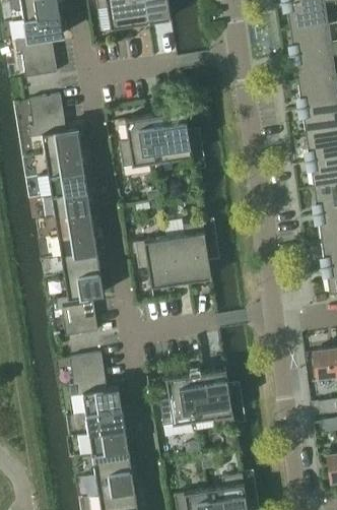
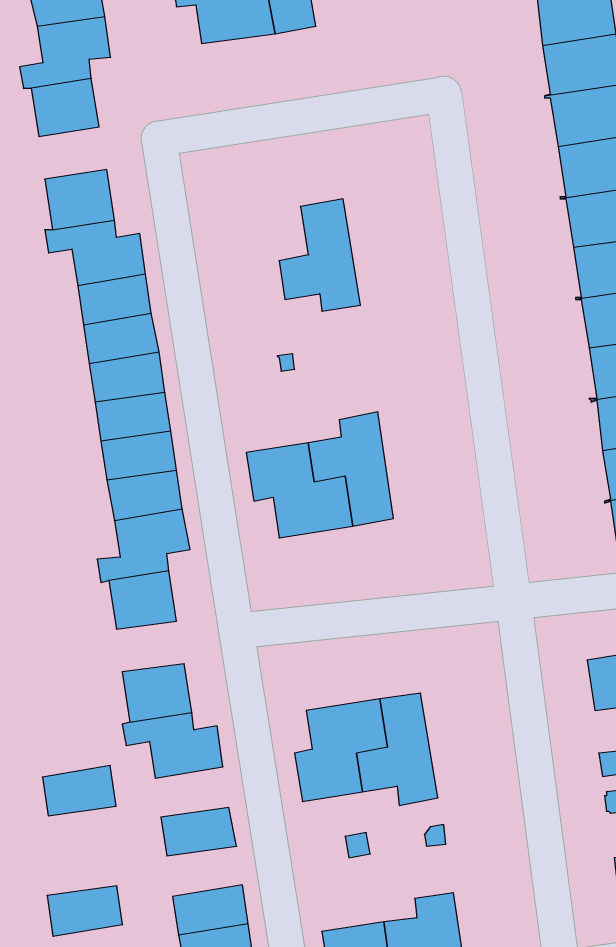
building: [120,114,167,168] -> none
building: [87,407,126,434] -> [42,766,116,816]
building: [93,449,133,475] -> [47,886,123,936]

